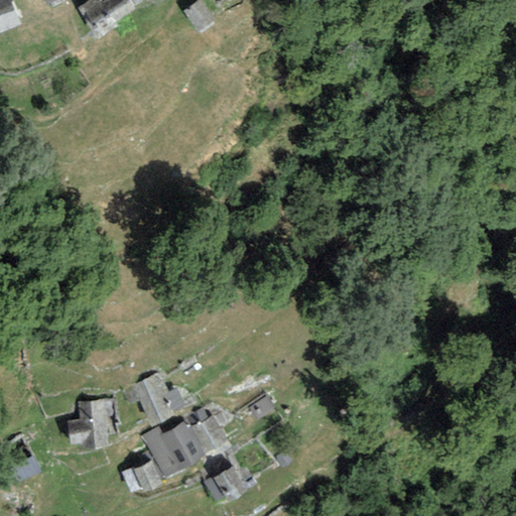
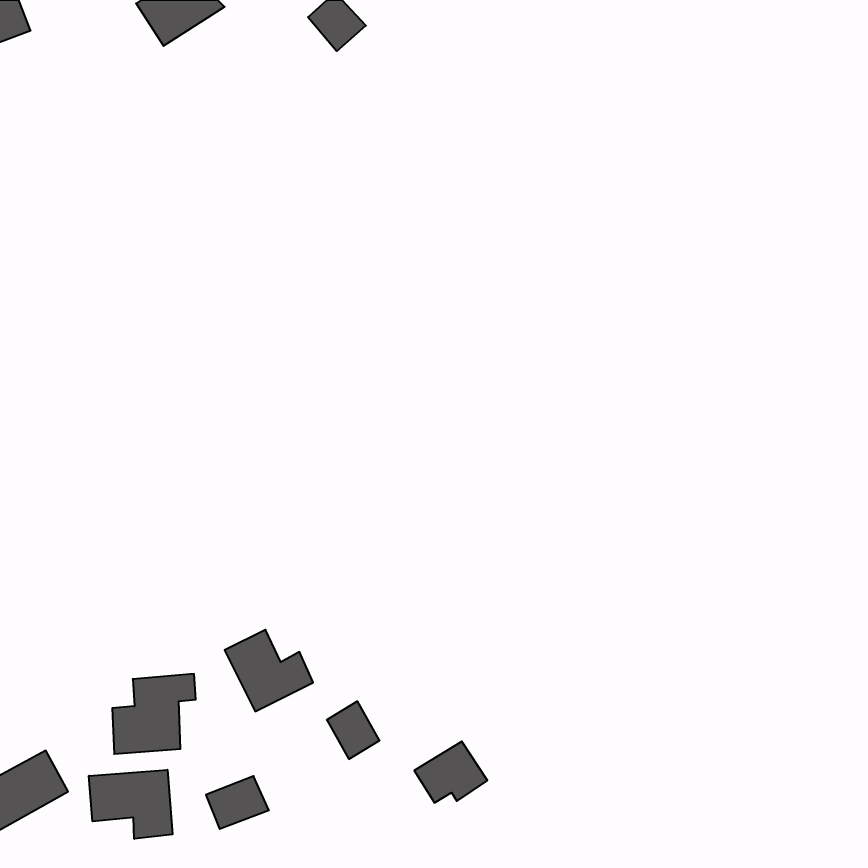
building: [142,421,204,476] -> none
building: none -> [89,770,172,839]
building: [203,464,246,500] -> [414,741,487,803]

